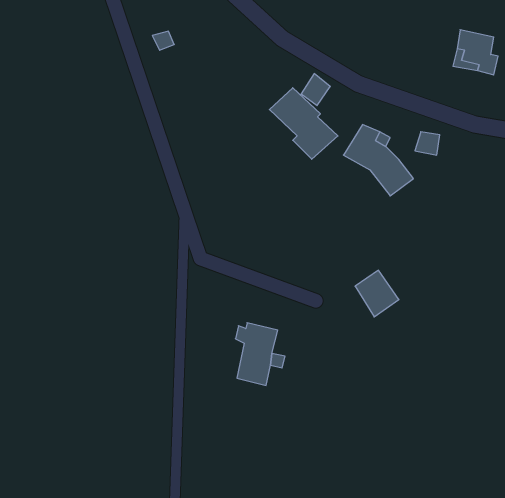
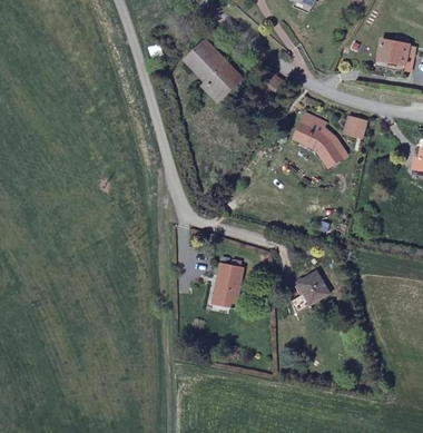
building: [269,88,338,159] -> [187,39,239,94]
building: [355,270,399,317] -> [298,268,332,304]

